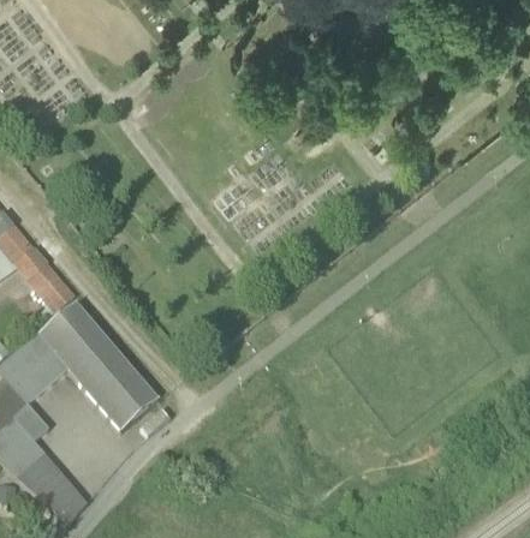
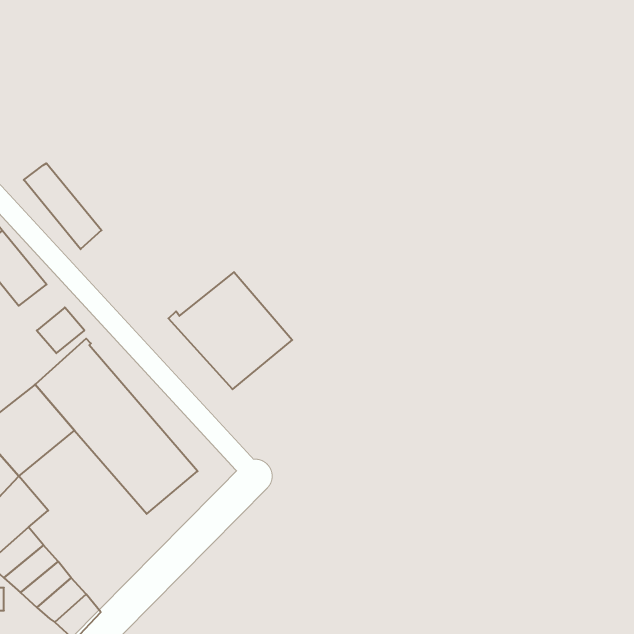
building: none -> [24,163,102,249]
building: none -> [168,272,292,389]

